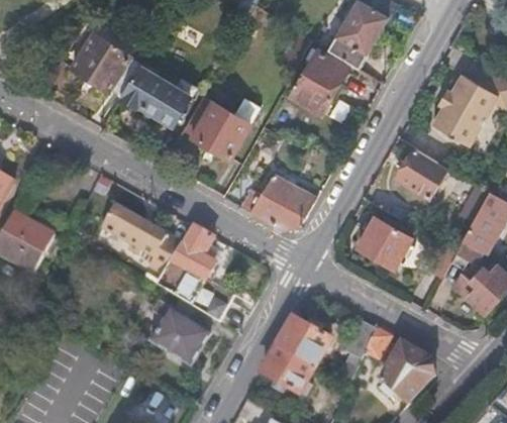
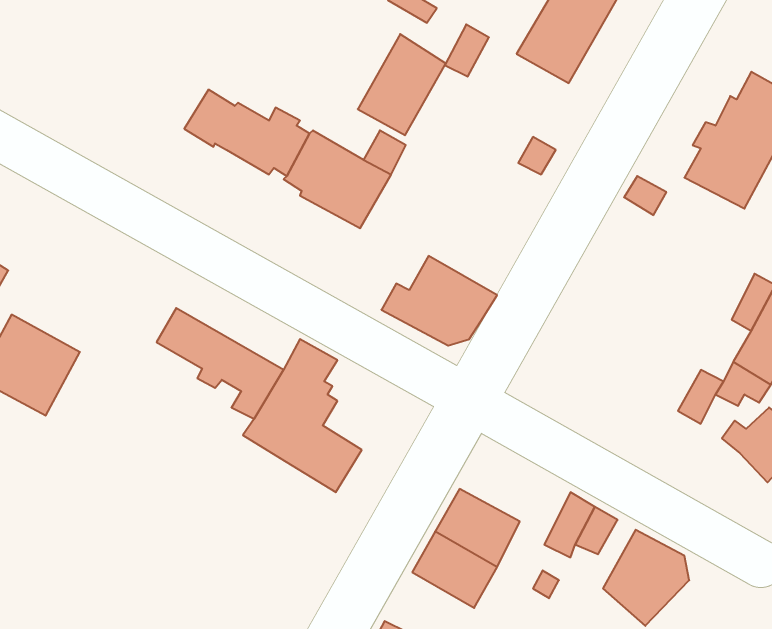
building: [69,33,141,95] -> none
building: [293,50,347,113] -> [358,34,446,135]
building: [397,148,445,197] -> none
building: [358,216,412,268] -> none
building: [147,299,215,363] -> none

